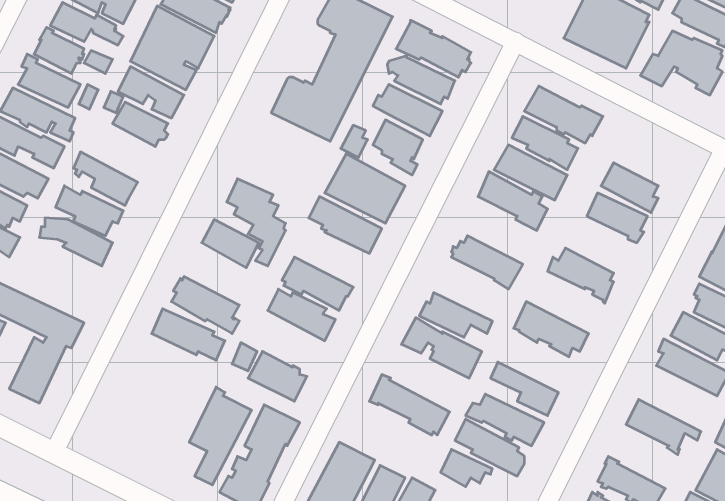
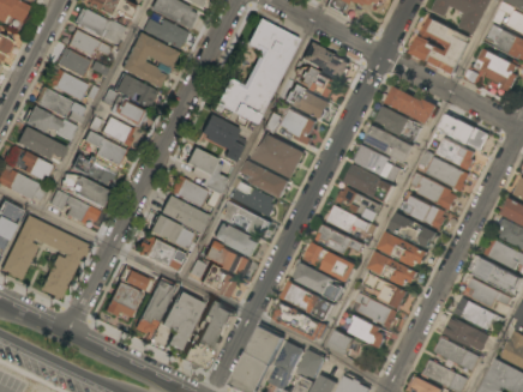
building: none -> [200,115,245,163]
building: none -> [441,116,491,151]
building: none -> [101,117,133,147]
building: none -> [347,164,397,205]
building: none -> [411,173,458,211]
building: none -> [233,179,276,218]
building: none -> [49,191,100,224]
building: none -> [160,197,208,234]
building: none -> [327,204,378,235]
building: none -> [391,213,441,249]
building: none -> [204,241,250,277]
building: none -> [369,252,420,287]
building: none -> [295,263,345,302]
building: none -> [104,269,150,319]
building: none -> [133,278,176,334]
building: none -> [467,278,512,308]
building: none -> [276,304,327,338]
building: none -> [447,316,491,351]

